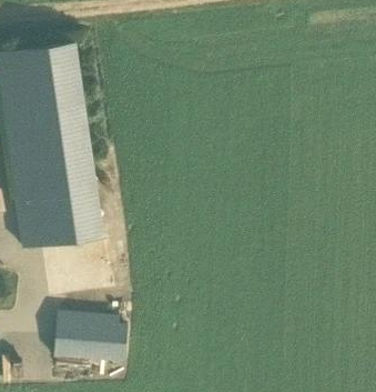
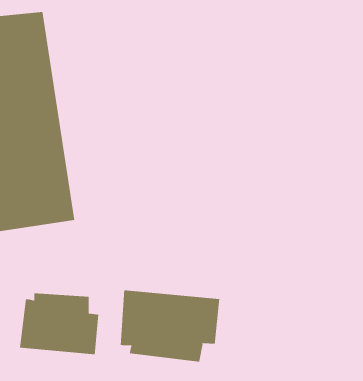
building: none -> [120,290,220,362]

